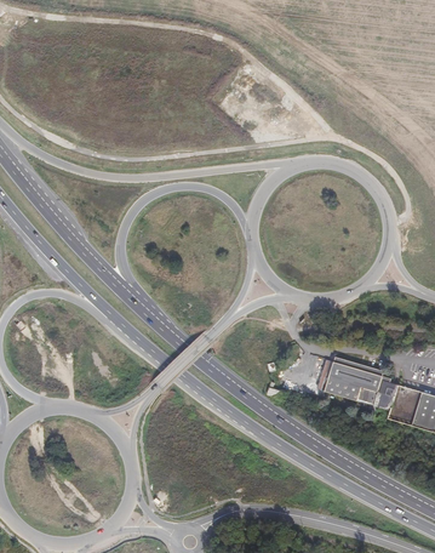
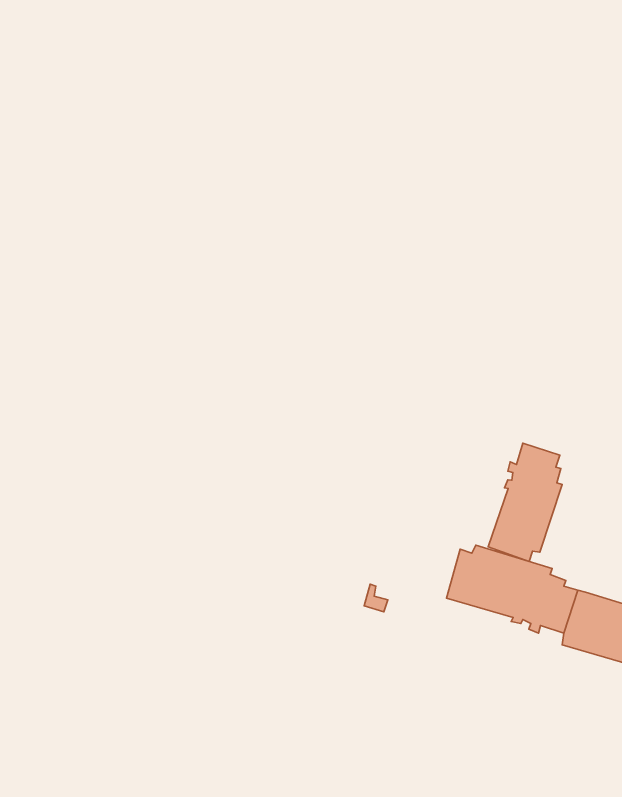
building: none -> [488,443,562,562]

